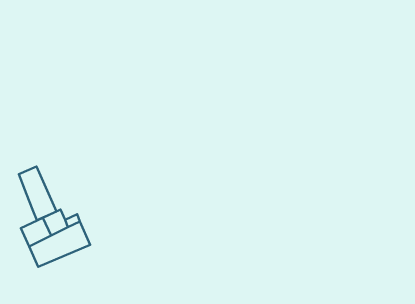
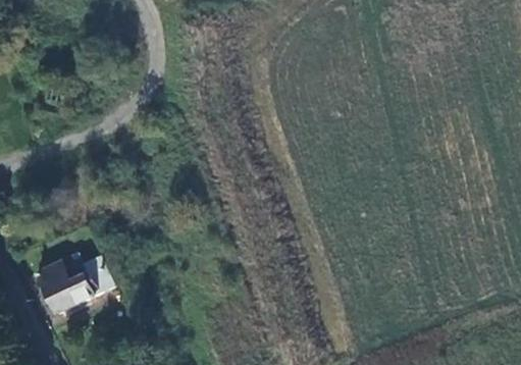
building: [19,167,57,220] -> none

